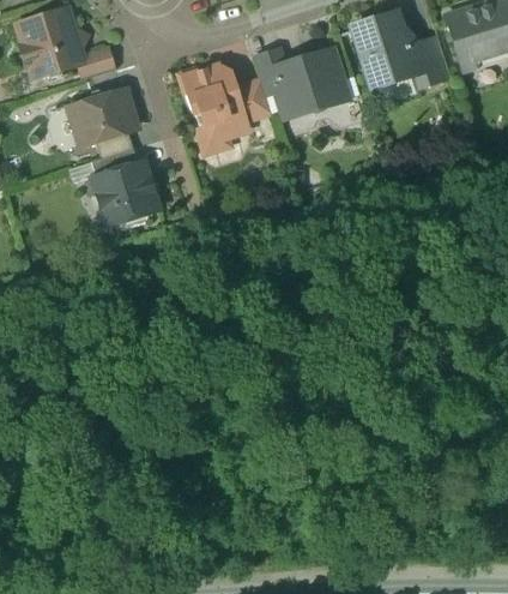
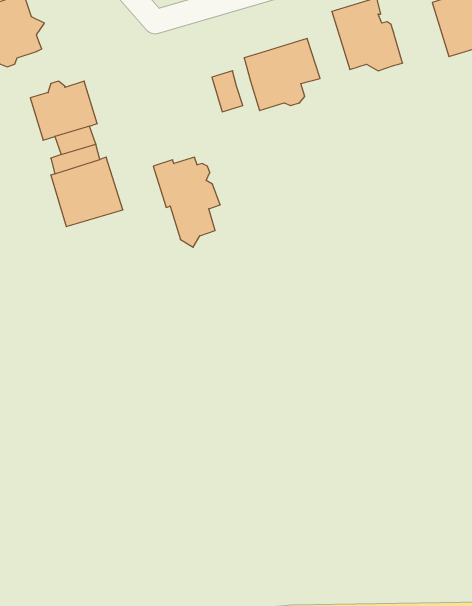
building: [411,36,450,88] -> none
building: [79,44,116,78] -> none
building: [254,48,288,94] -> none
building: [180,65,242,149] -> [153,157,220,247]

